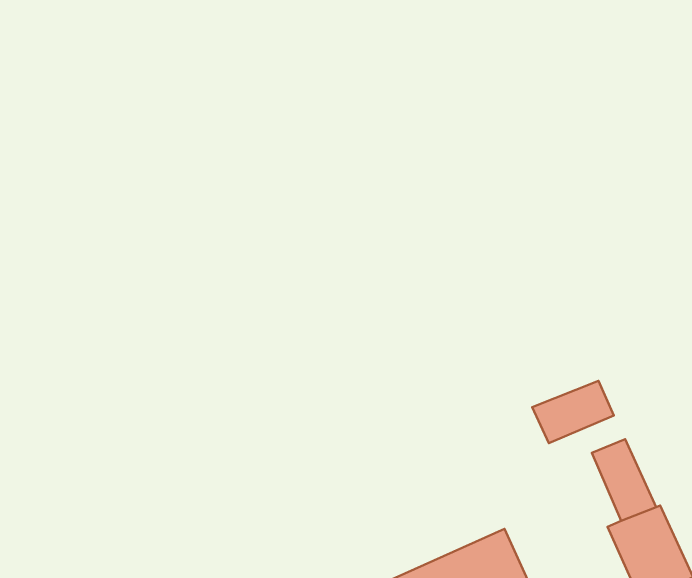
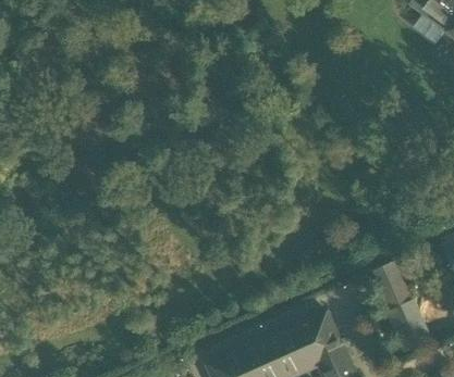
building: [532,381,614,443] -> none

